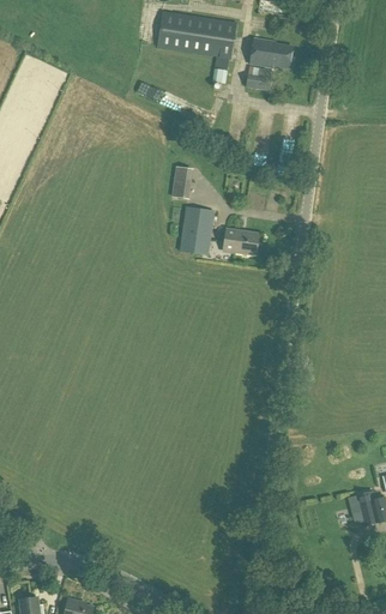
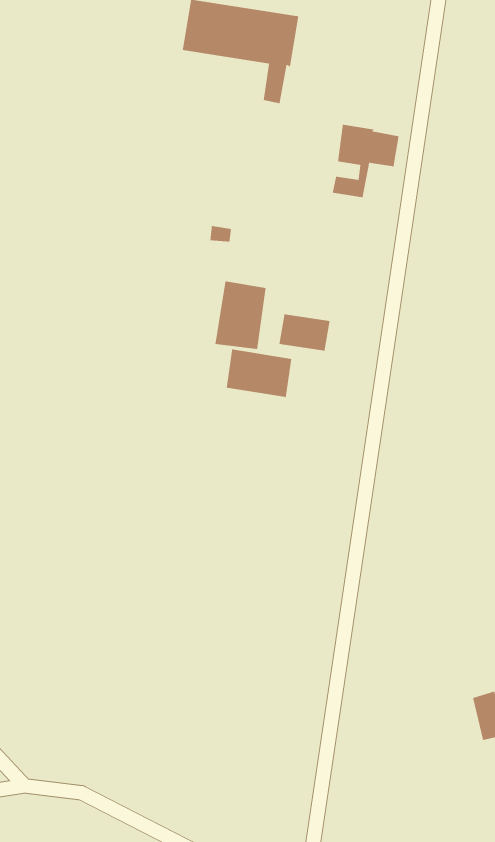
building: [246,38,292,90] -> [332,124,399,198]
building: none -> [226,349,292,398]

